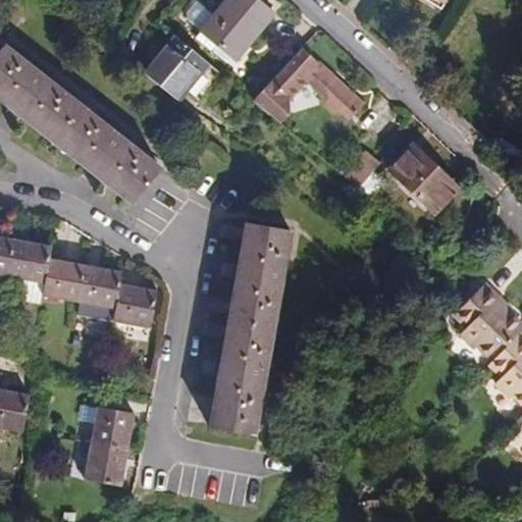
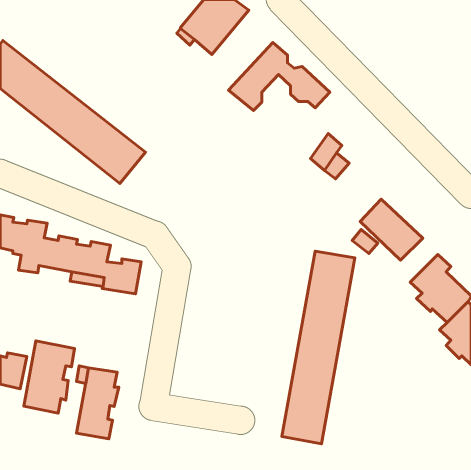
building: [145,35,207,99] -> none
building: [389,145,459,212] -> [360,199,423,260]
building: [210,222,291,435] -> [282,251,355,444]
building: none -> [24,341,75,413]

